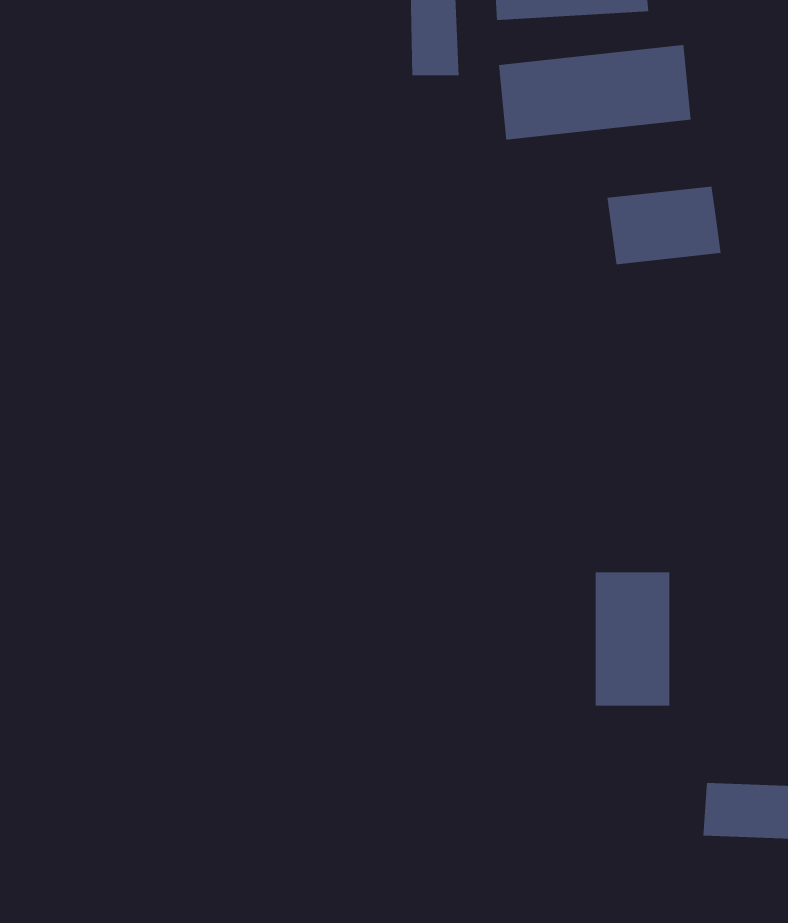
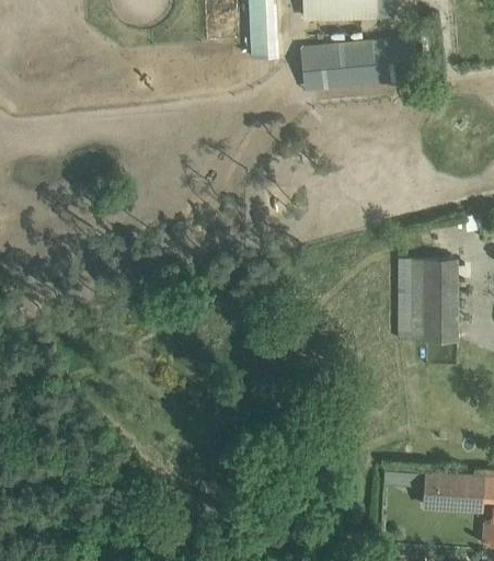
building: [607,186,721,265] -> none
building: [595,572,670,706] -> [410,260,455,340]

